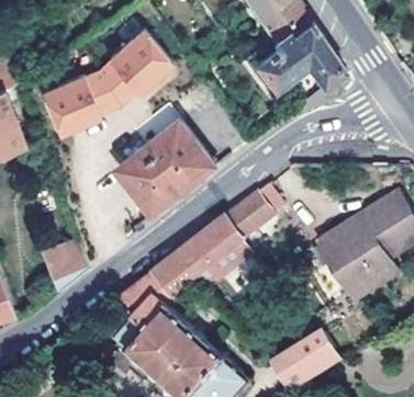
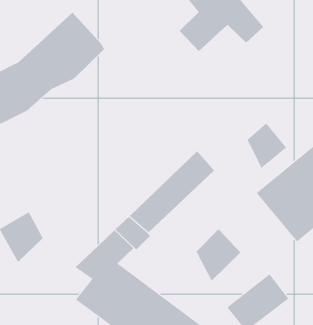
building: [119,122,217,217] -> none
building: none -> [247,122,287,169]
building: none -> [196,228,241,281]

